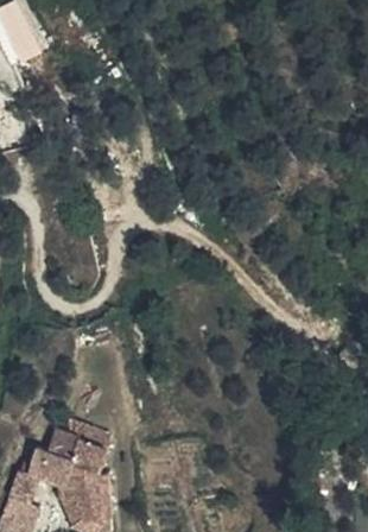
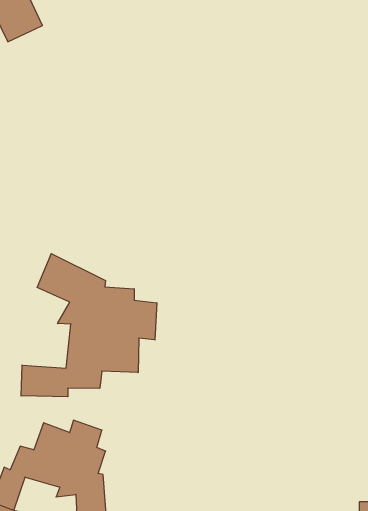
building: none -> [21,254,157,397]

